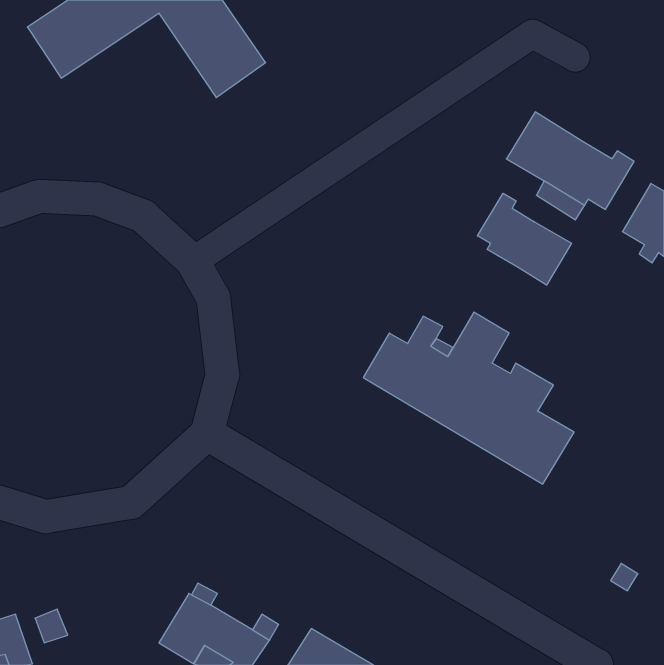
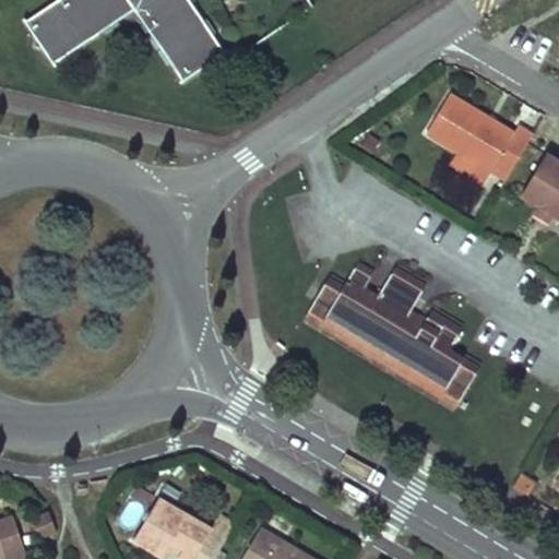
building: [477,193,571,285] -> none

